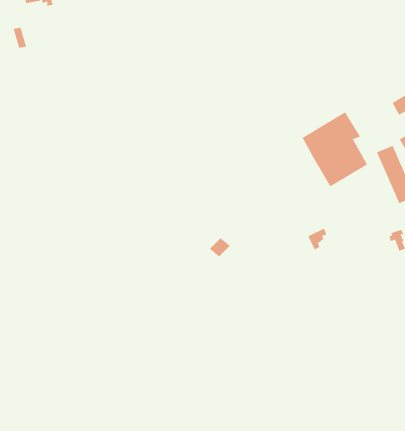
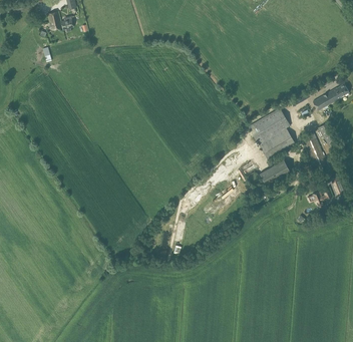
building: none -> [260,158,291,186]

